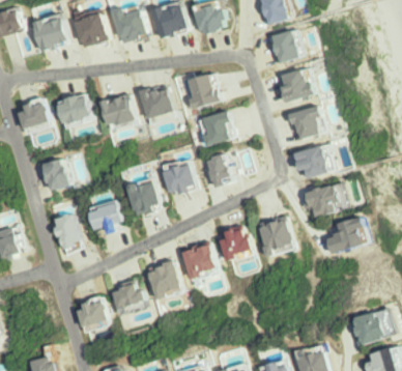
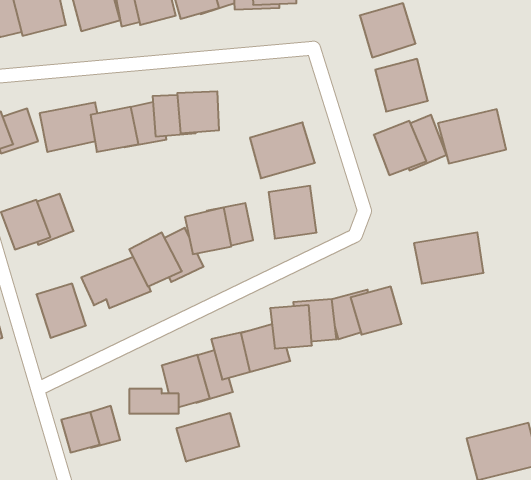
building: [190,70,224,107] -> none
building: [289,142,335,178] -> [438,109,506,163]
building: [317,216,369,255] -> none
building: none -> [177,413,239,462]

